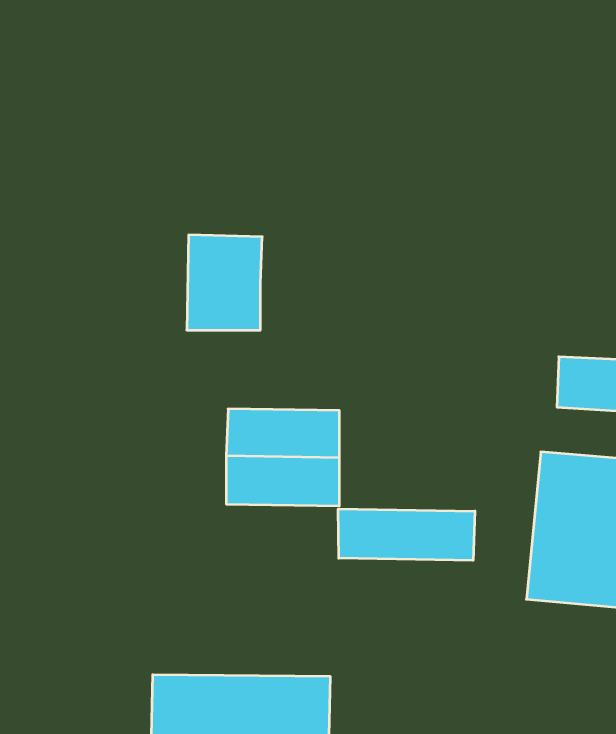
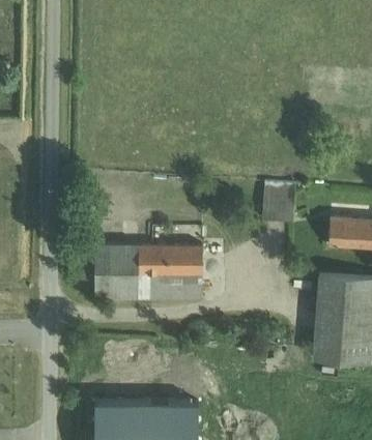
building: [187,235,262,330] -> [94,245,138,300]
building: none -> [262,183,295,222]
building: [338,509,475,560] -> none

